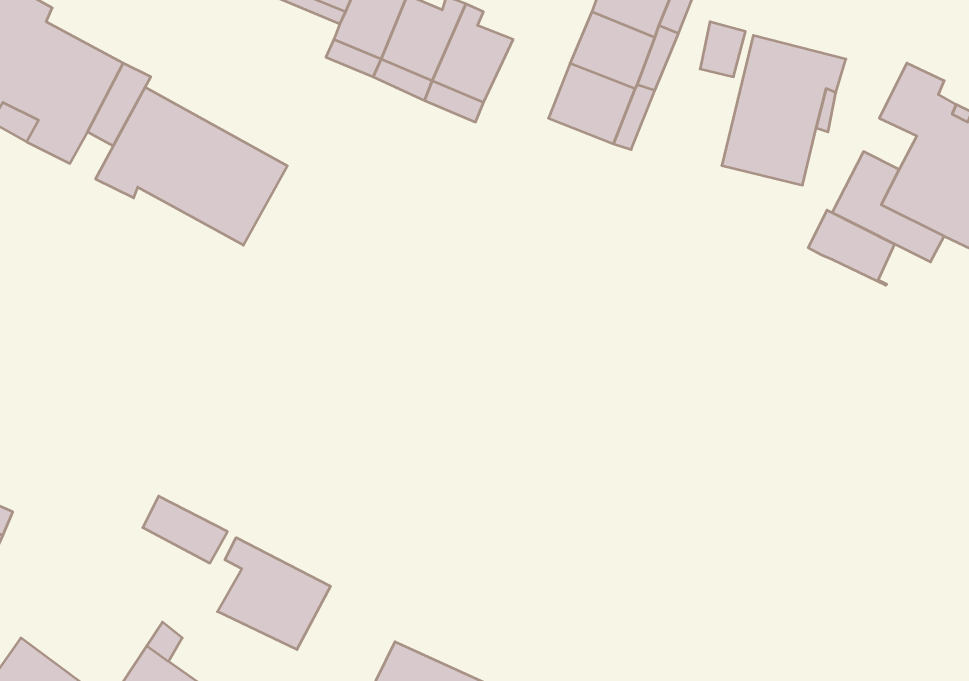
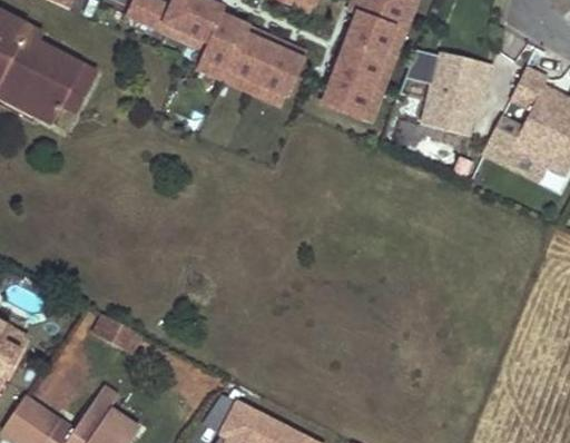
building: [96,87,287,245] -> none
building: [808,210,894,285] -> none
building: [217,538,330,650] -> none

